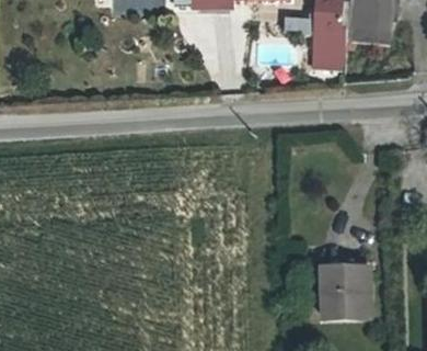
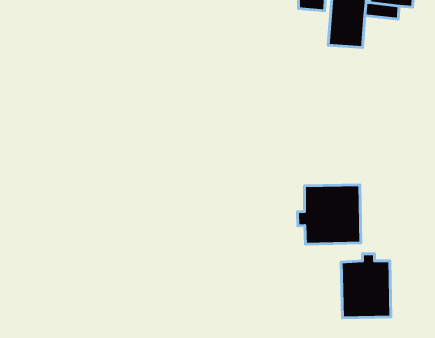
building: none -> [297,185,361,244]

